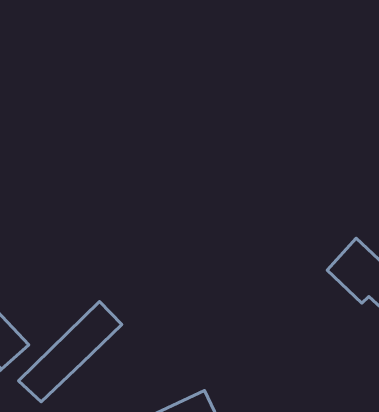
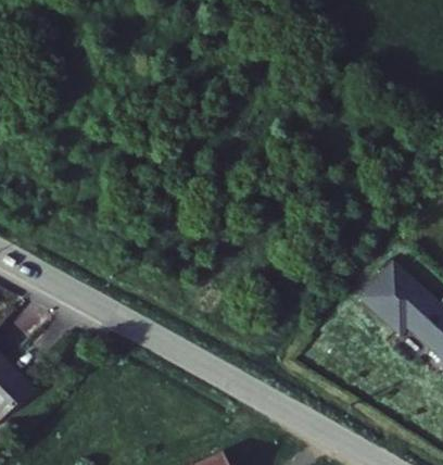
building: [19,301,122,402] -> none

